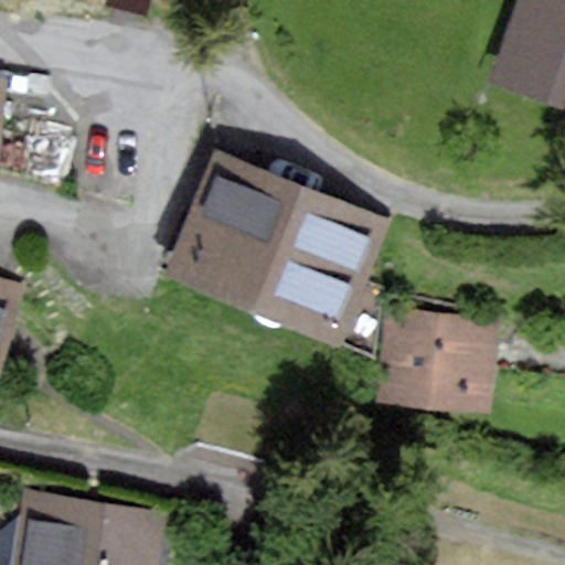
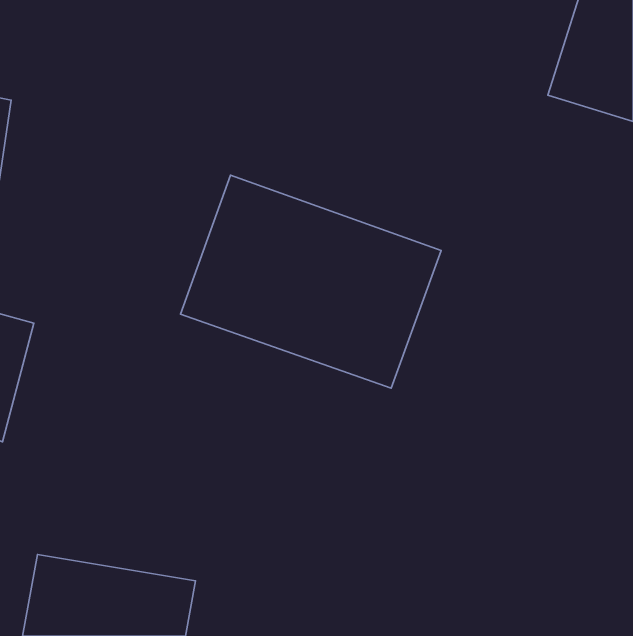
building: [385,315,490,411] -> none

